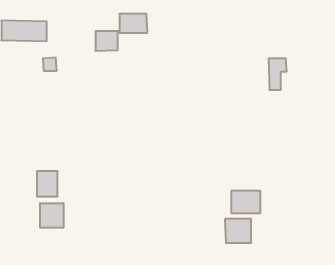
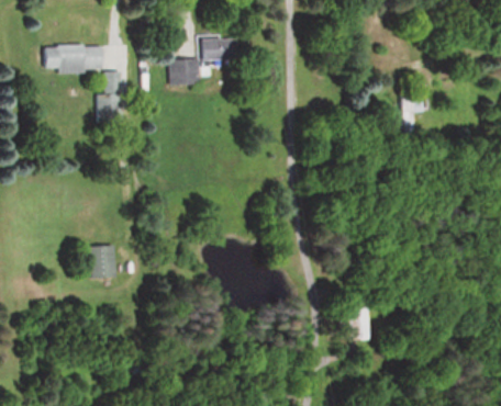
building: [232,191,260,213] -> none
building: [40,203,64,228] -> none

